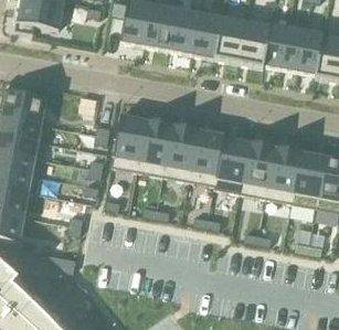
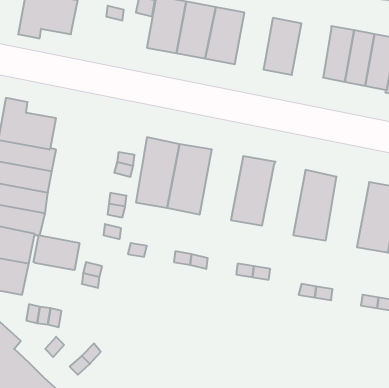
building: [193,11,224,57] -> none
building: [240,20,272,66] -> none
building: [165,123,200,180] -> none
building: [215,135,251,192] -> none
building: [267,145,303,202] -> none
building: none -> [34,235,79,270]

